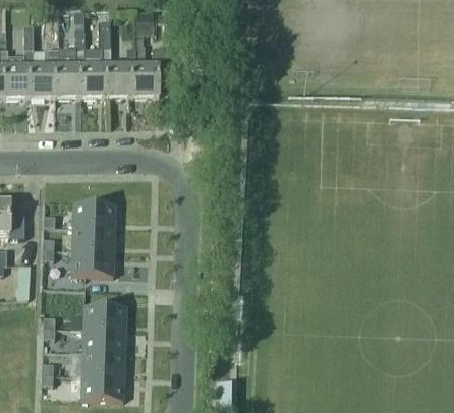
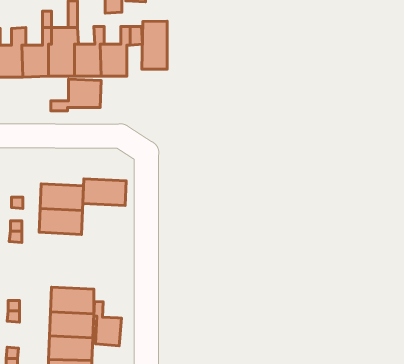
building: none -> [142,21,167,69]
building: none -> [51,79,101,111]
building: [71,248,114,275] -> [83,179,126,206]
building: none -> [94,302,121,346]

